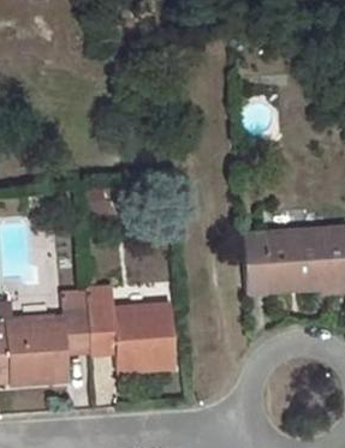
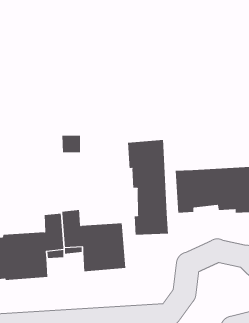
building: none -> [127,139,168,236]

